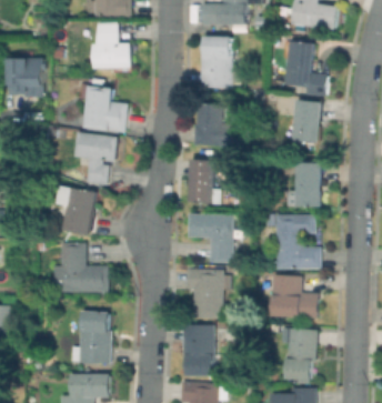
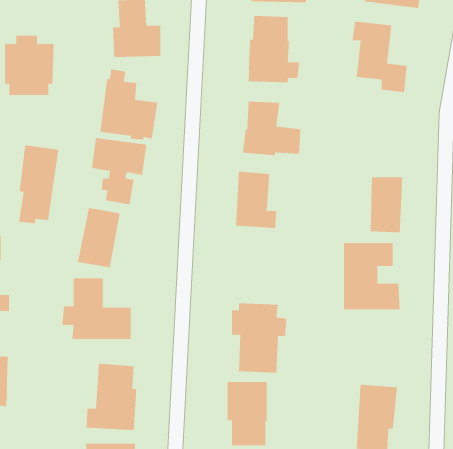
building: [285,99,322,143] -> none
building: none -> [18,145,59,224]
building: [187,213,237,264] -> none
building: [271,274,318,319] -> none

